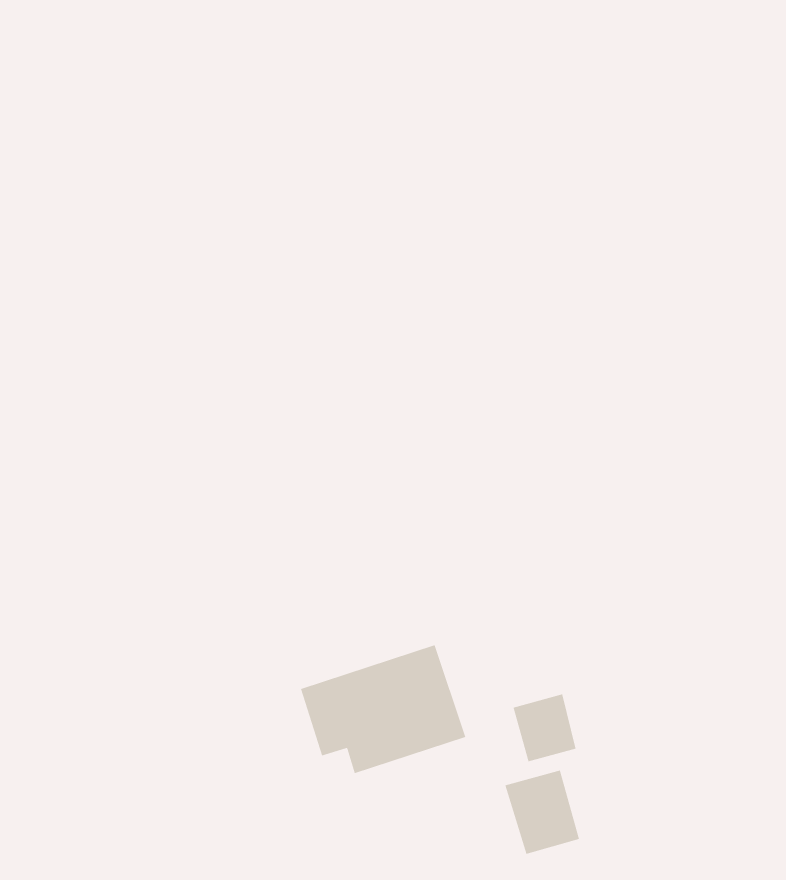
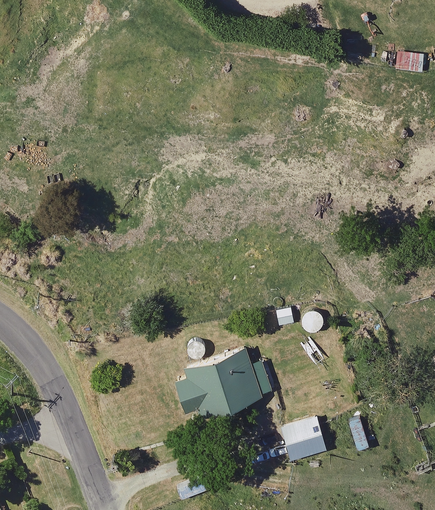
building: [513,693,576,762] -> none

